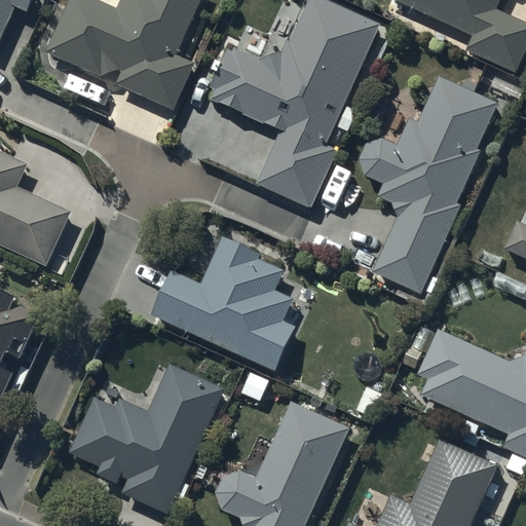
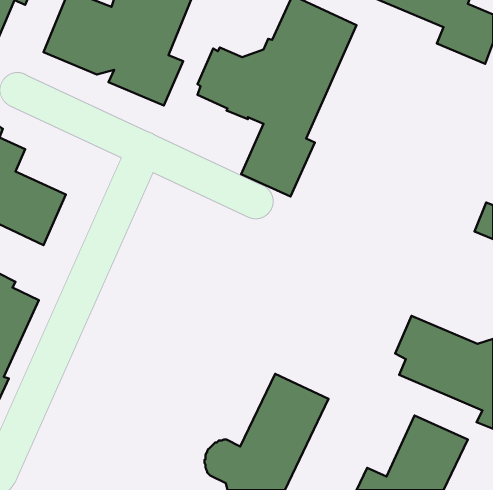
building: [362,79,498,295] -> none
building: [150,232,294,367] -> none
building: [70,366,223,514] -> none

